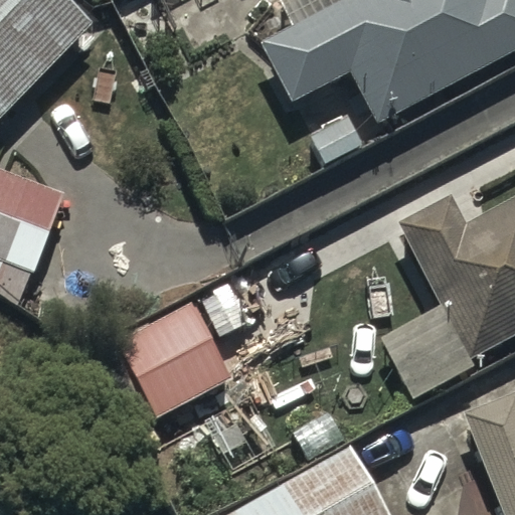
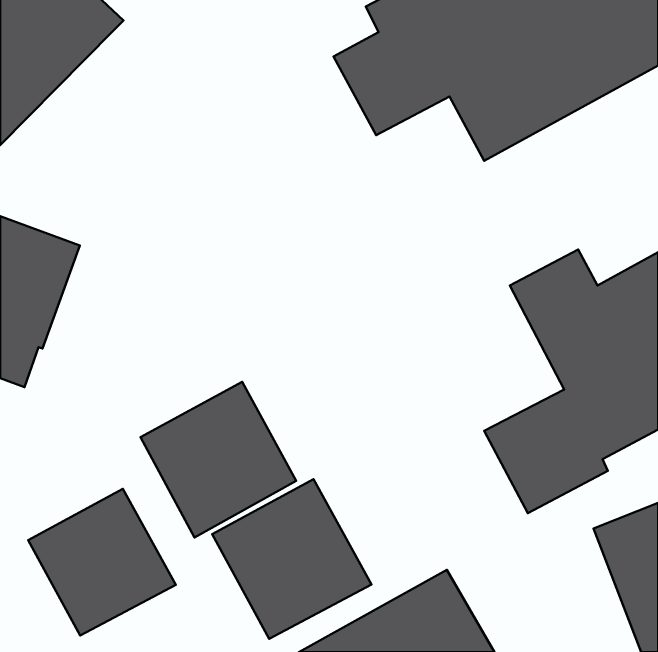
building: none -> [212,479,372,639]
building: none -> [28,489,176,636]

